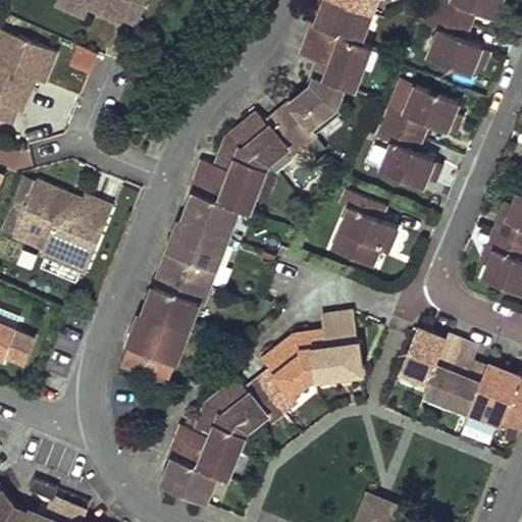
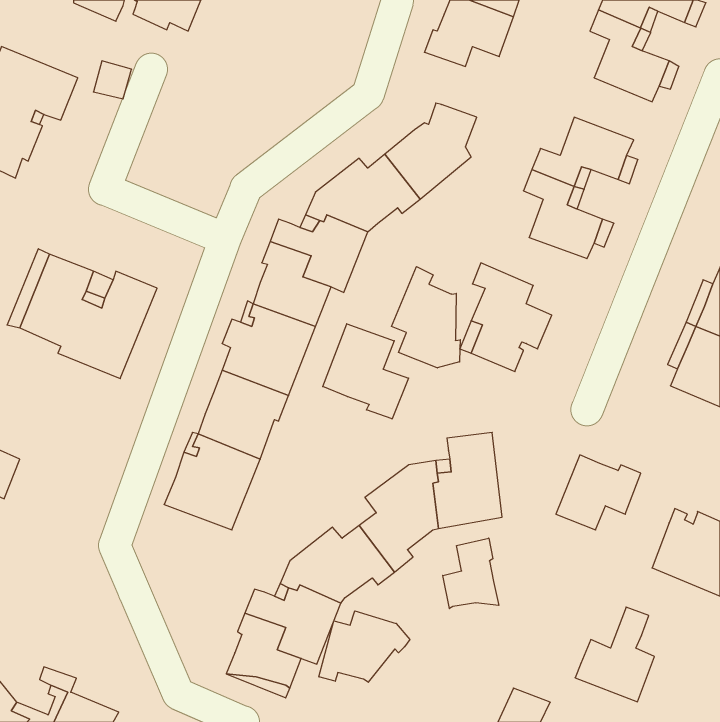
building: [300,34,371,89] -> none
building: none -> [391,267,460,368]
building: none -> [323,324,409,419]
building: [425,342,482,410] -> [575,607,654,702]
building: none -> [443,538,499,609]
building: none -> [319,611,410,682]

